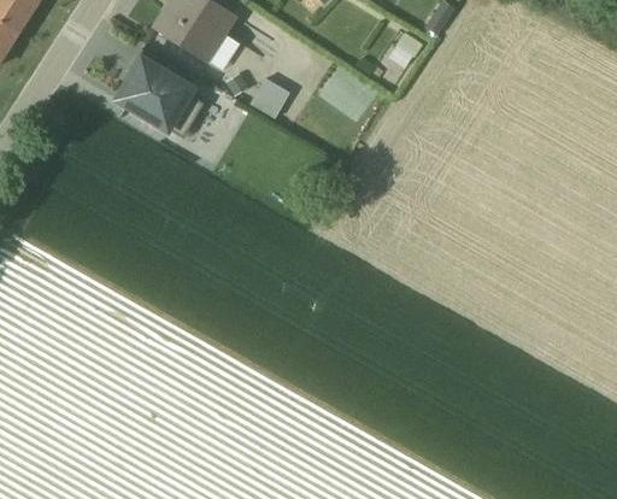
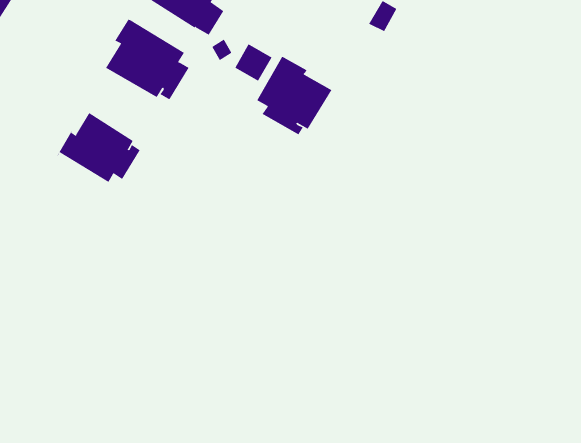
building: none -> [256,53,332,135]
building: none -> [56,112,140,183]

